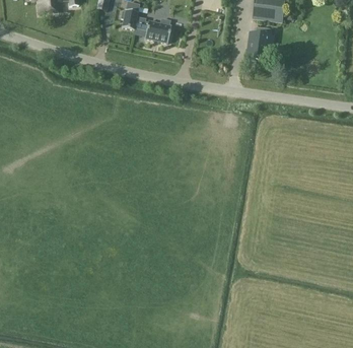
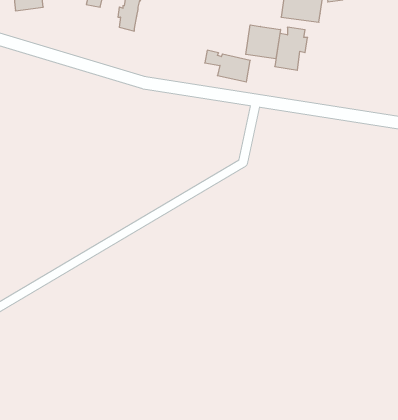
building: [134,16,170,42] -> [205,50,250,82]
building: none -> [246,25,280,59]

